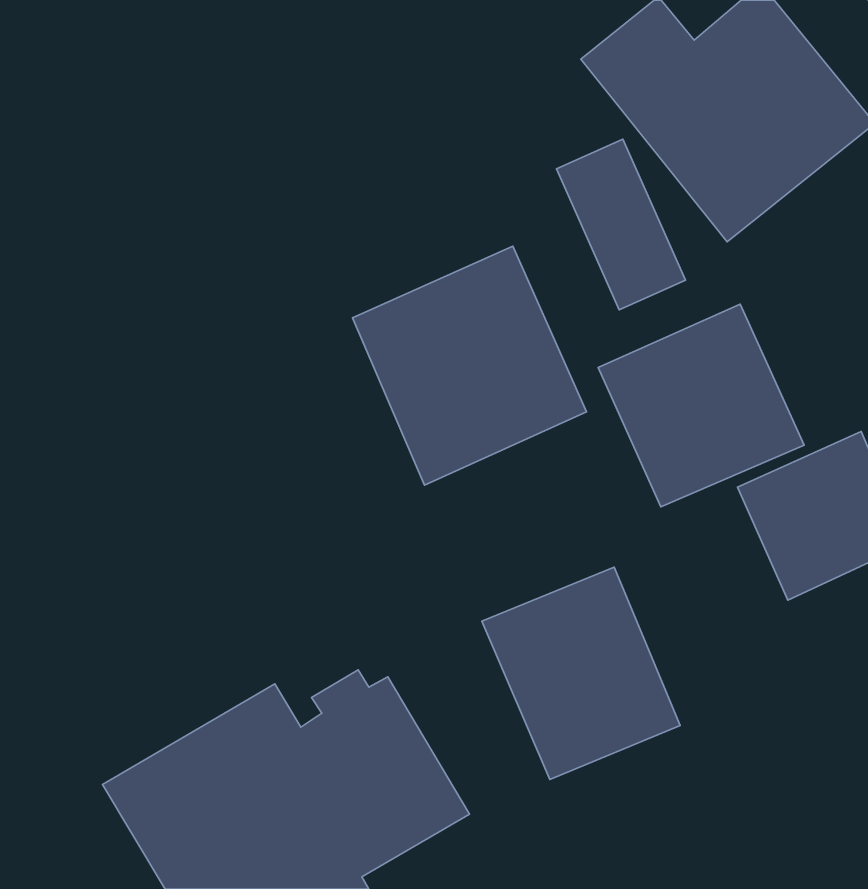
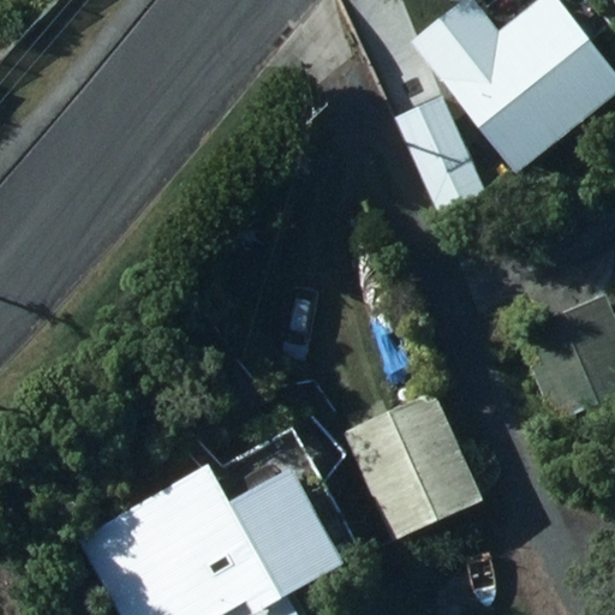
building: [353,246,587,485] -> none
building: [598,304,804,507] -> none

